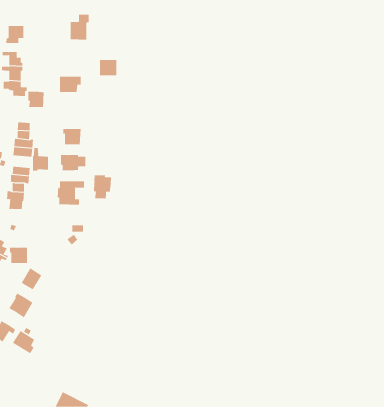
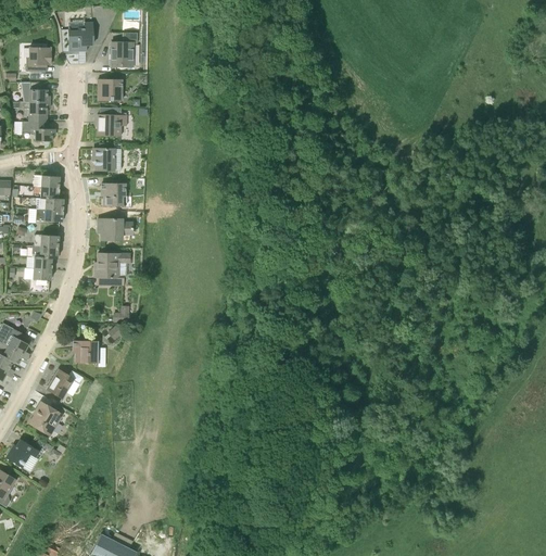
building: none -> [68,22,92,51]
building: [99,59,117,76] -> [98,78,122,100]
building: [27,91,45,108] -> [92,148,115,169]
building: [32,147,49,172] -> none
building: [93,174,112,199] -> none
building: [9,247,28,264] -> [73,340,98,362]
building: [12,330,35,354] -> none

